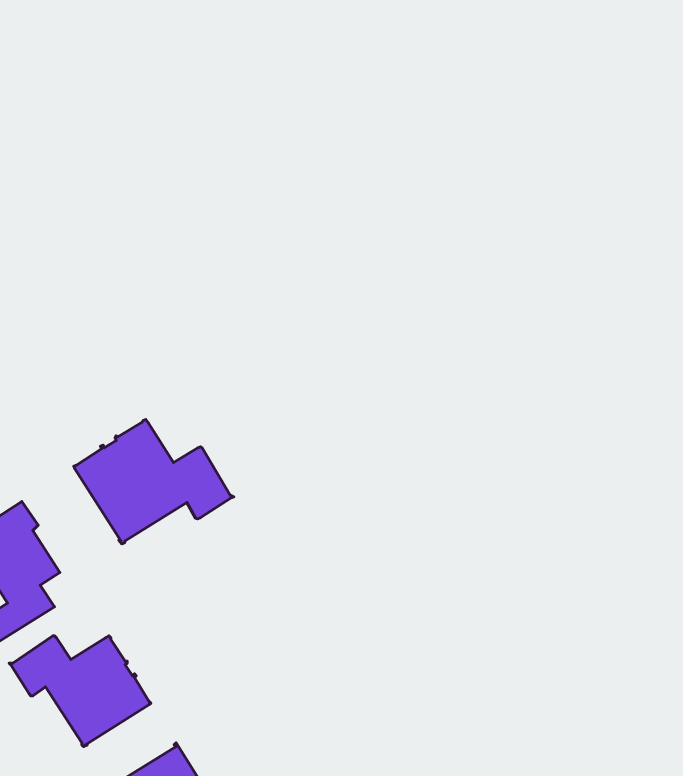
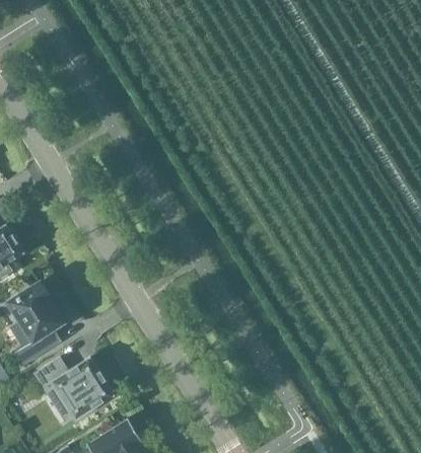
building: [74,420,234,544] -> none

